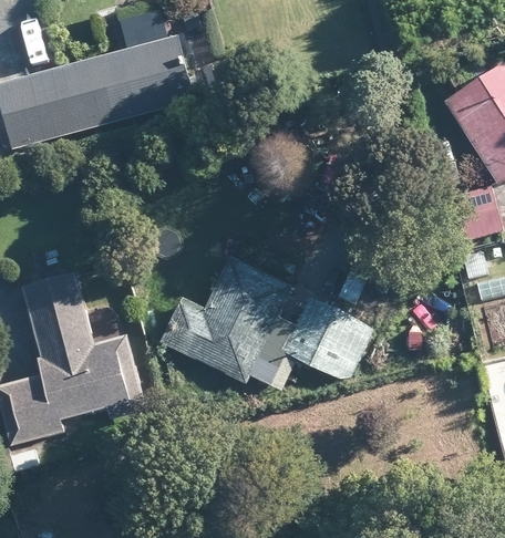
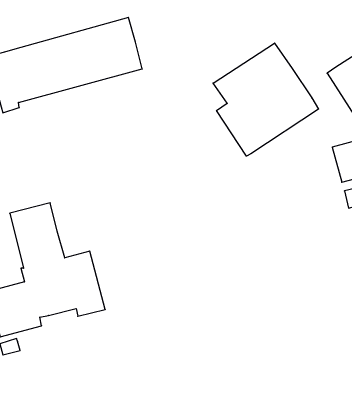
building: none -> [213,43,319,156]
building: [161,256,372,383] -> none

